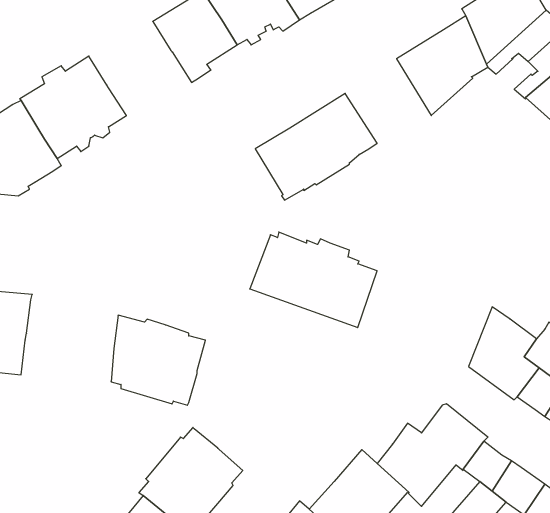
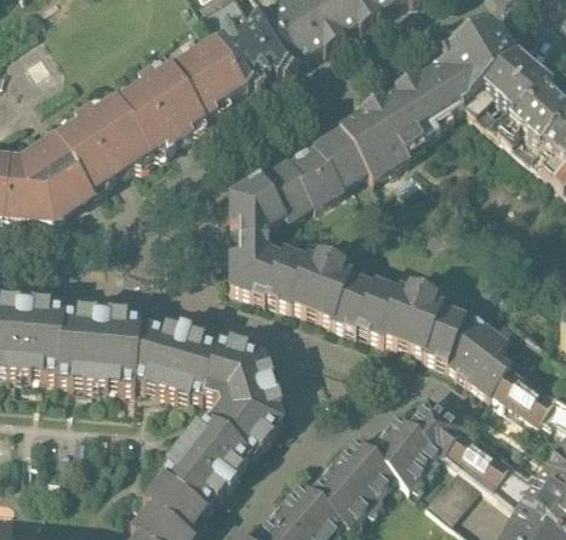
building: none -> [118,61,206,147]
building: none -> [339,93,416,175]
building: none -> [225,172,286,295]
building: none -> [351,279,469,363]
building: none -> [56,305,142,382]
building: none -> [204,337,284,455]

